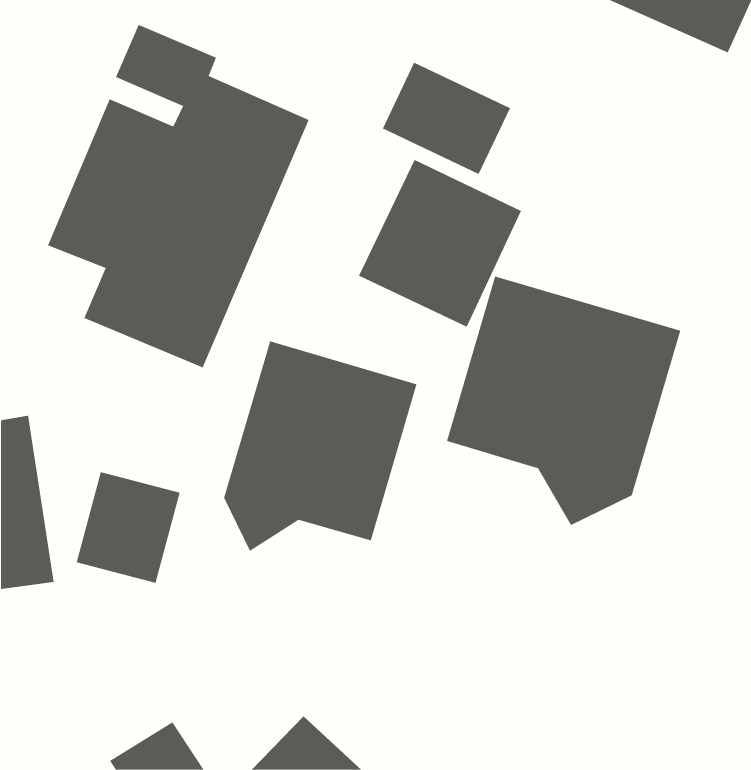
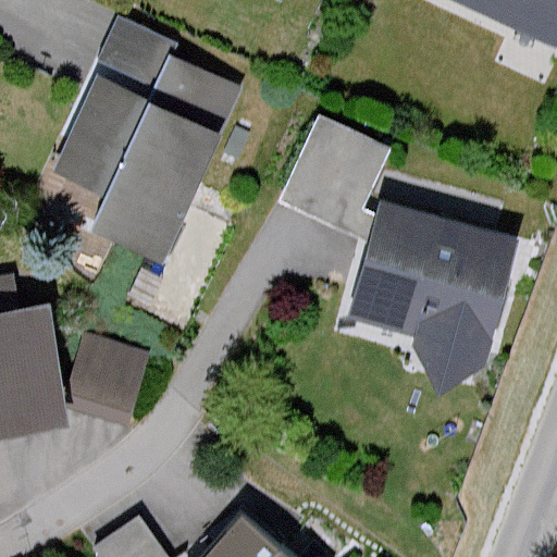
building: [382,62,511,175] -> none
building: [223,341,417,552] -> none

